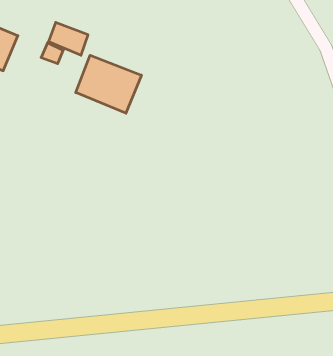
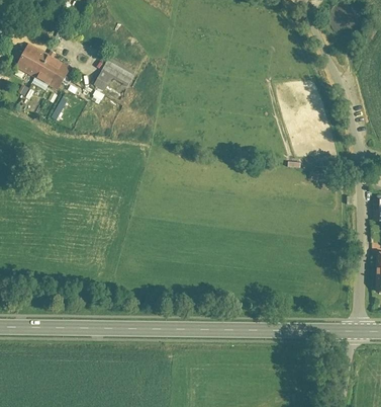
building: [76,55,141,113] -> none

